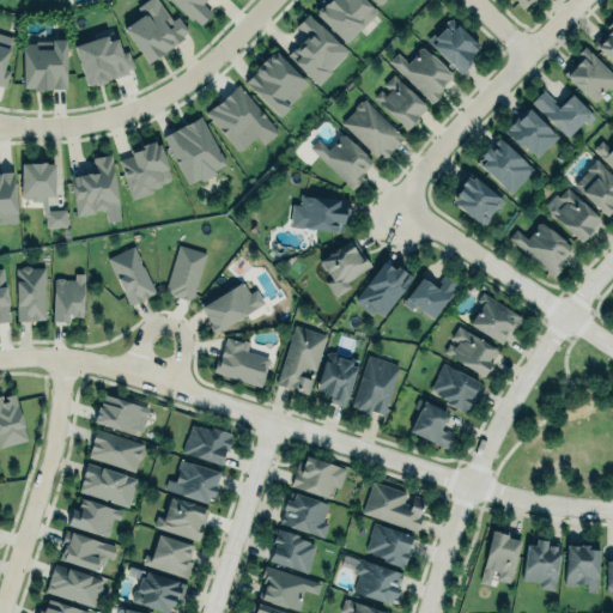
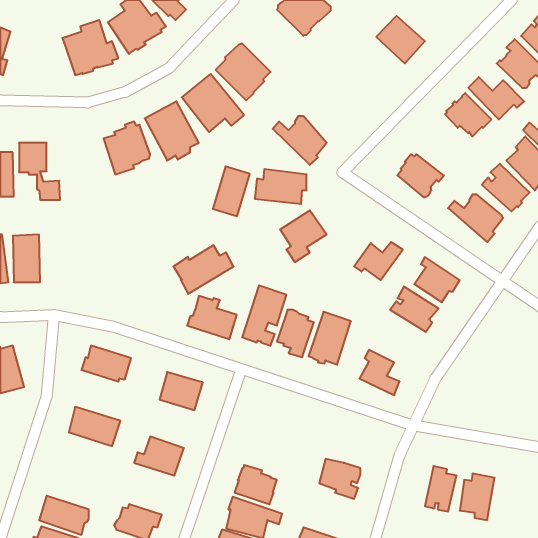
building: [287,16,350,86] -> none
building: [23,40,67,92] -> none
building: [390,48,453,103] -> none
building: [375,75,427,129] -> none
building: [342,101,403,157] -> none
building: [478,139,534,195] -> none
building: [72,154,122,224] -> none
building: [165,245,207,302] -> [213,166,250,216]
building: [110,248,158,306] -> none
building: [354,262,414,318] -> none
building: [54,274,85,322] -> none
building: [431,363,480,413] -> none
building: [89,432,145,473] -> none
building: [291,454,347,499] -> none
building: [165,461,221,504] -> none
building: [363,480,427,532] -> none
building: [280,491,329,539] -> none
building: [68,499,123,539] -> none
building: [61,530,117,571] -> none
building: [144,535,195,578] -> none
building: [565,540,599,594] -> none
building: [354,559,403,605] -> none

